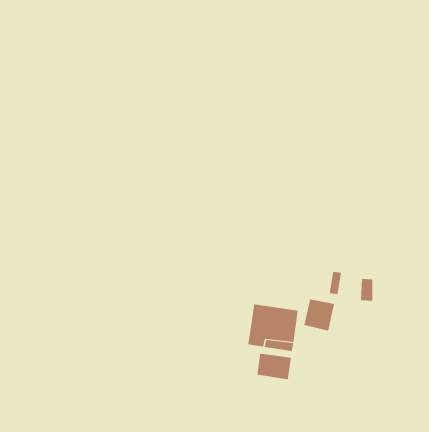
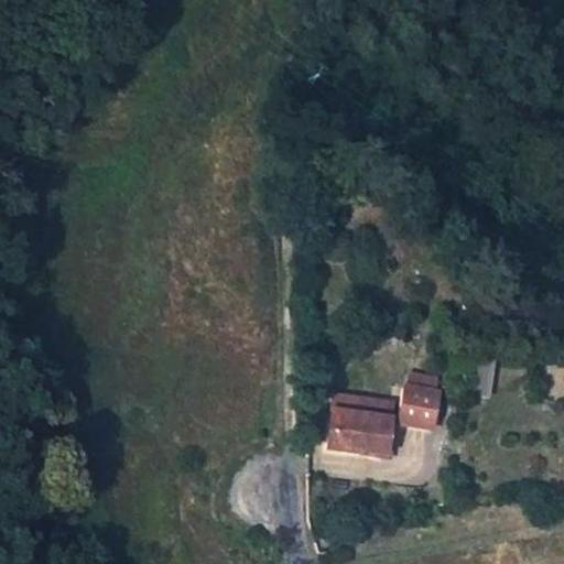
building: [257,353,292,380] -> none

